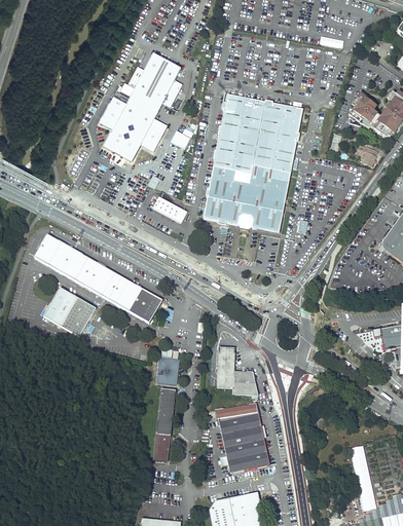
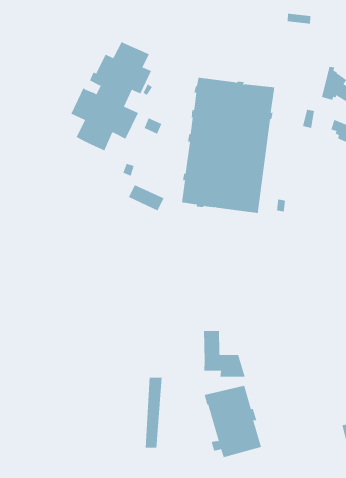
building: [34,234,161,322] -> none
building: [43,287,96,336] -> none
building: [156,358,179,385] -> none

